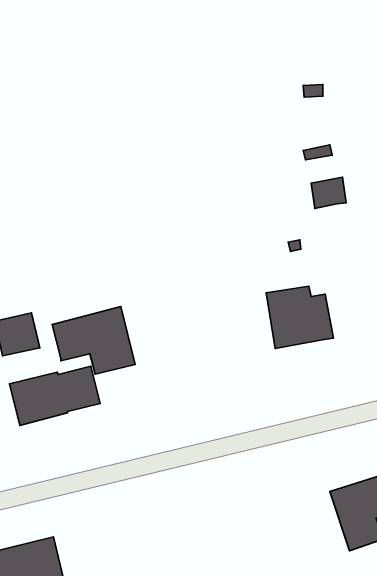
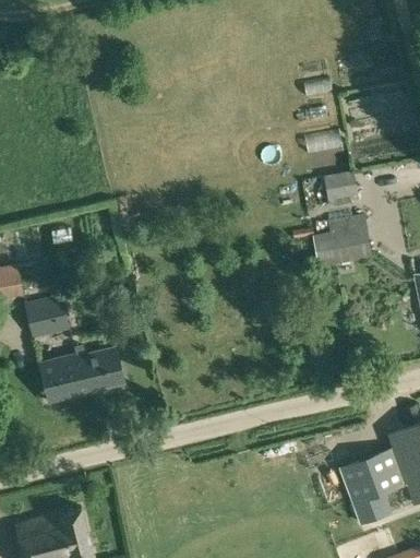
building: [266,286,333,349] -> [315,207,379,266]
building: [52,307,135,374] -> none

